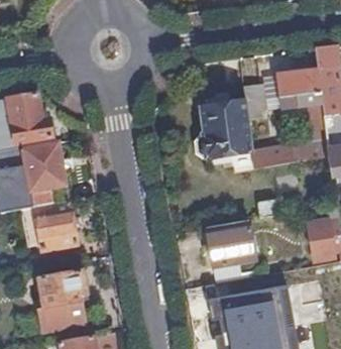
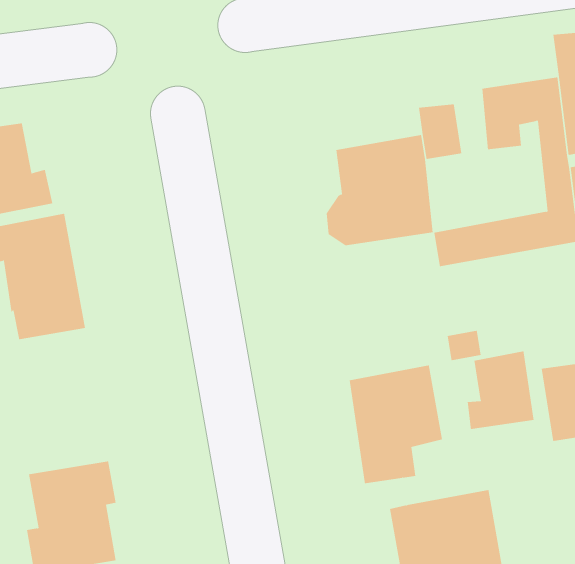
building: [32,202,75,250] -> none
building: none -> [467,350,534,430]

